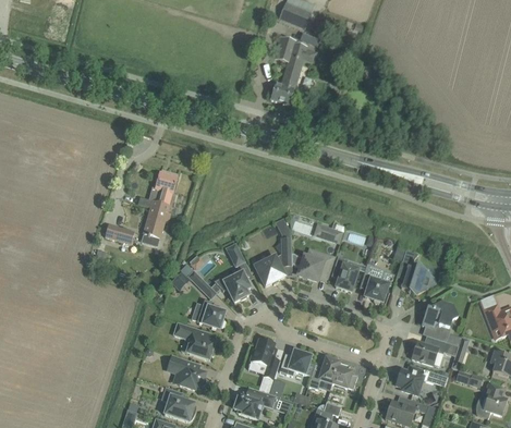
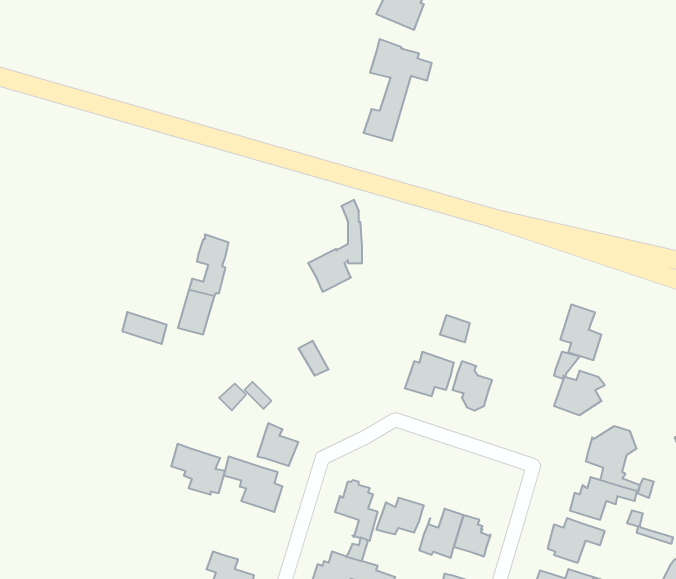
building: [254,222,291,285] -> [308,200,362,292]
building: [358,264,387,302] -> [560,305,601,360]
building: [212,267,250,302] -> none
building: [167,354,204,389] -> [171,444,225,495]

